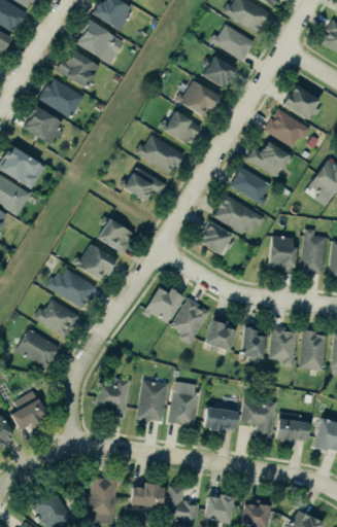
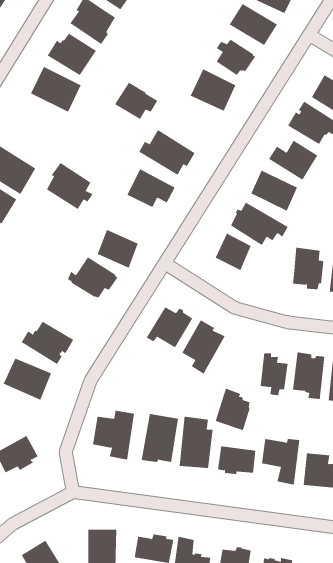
building: [23,104,64,145] -> [46,162,94,210]
building: [163,110,201,143] -> [114,82,158,120]
building: [45,269,96,307] -> none
building: [204,313,235,350] -> [215,388,251,431]

